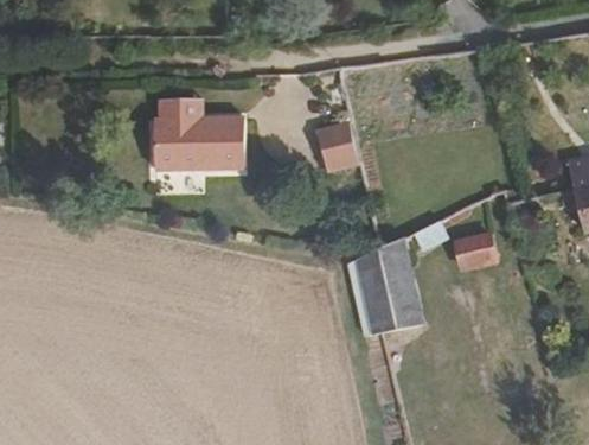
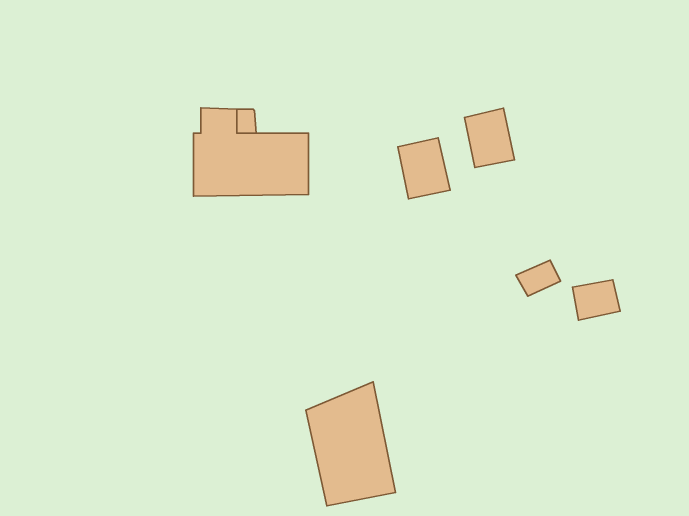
building: none -> [464,108,515,167]
building: [348,237,420,336] -> [306,382,395,506]

